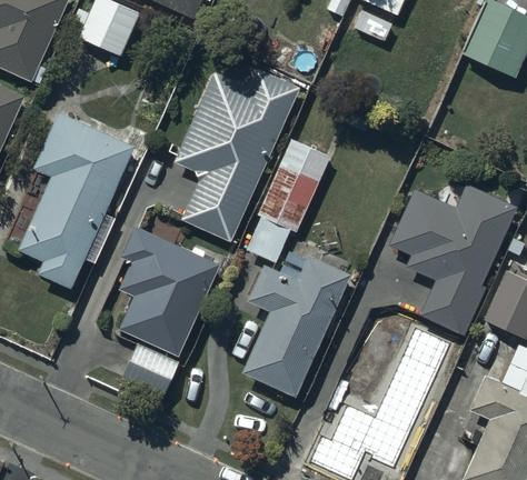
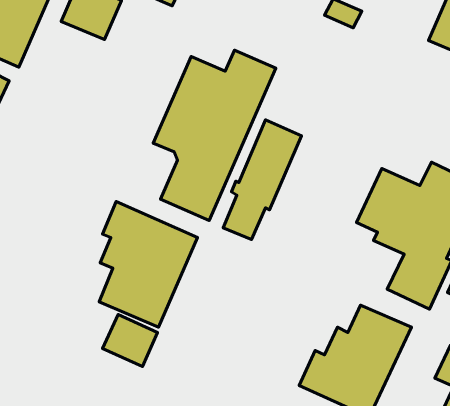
building: [19,114,133,288] -> none
building: [241,252,349,398] -> none

